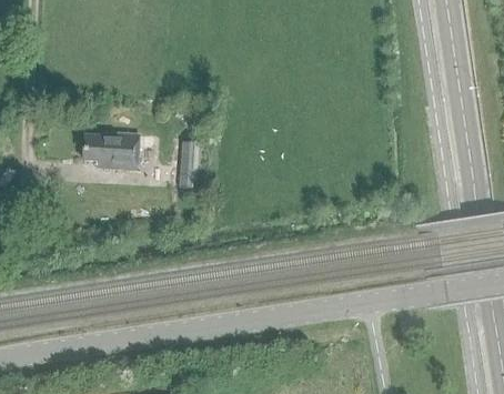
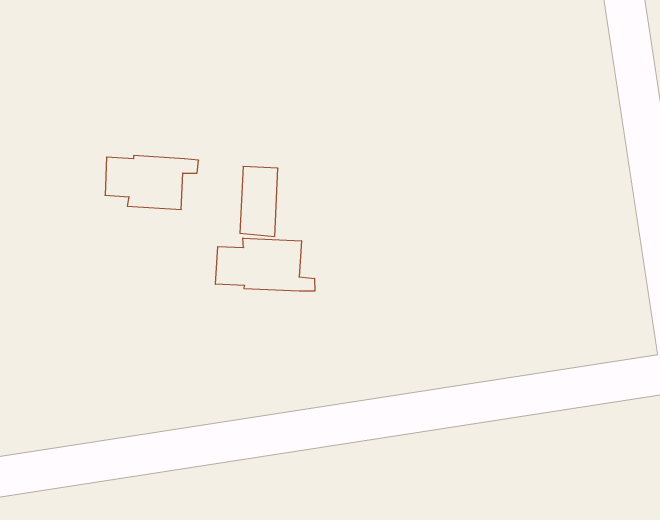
building: none -> [215,238,315,291]

